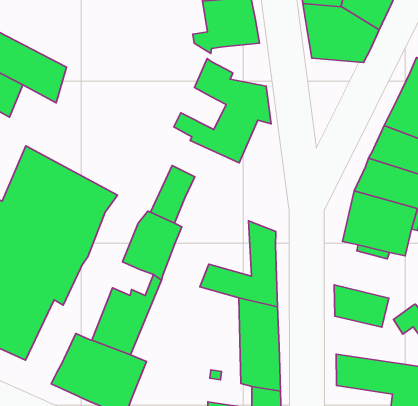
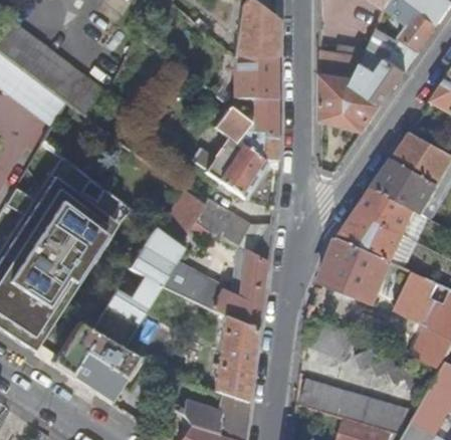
building: none -> [244,96,277,137]
building: none -> [192,201,246,246]
building: none -> [162,259,207,300]

